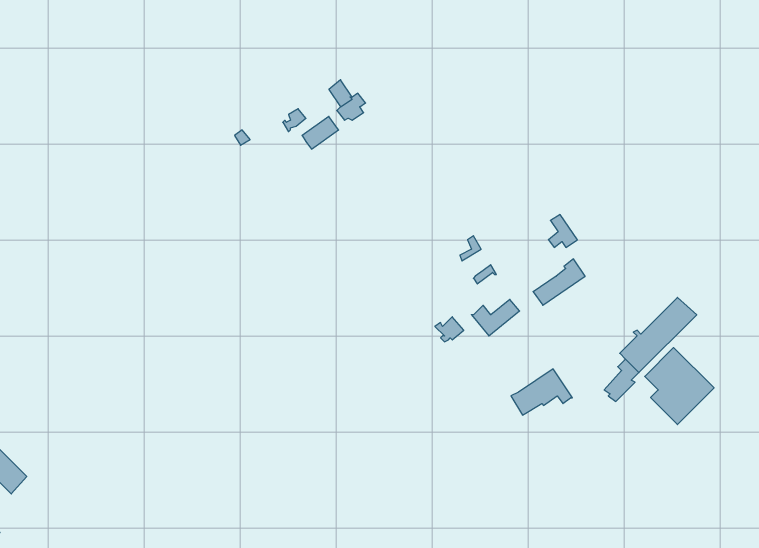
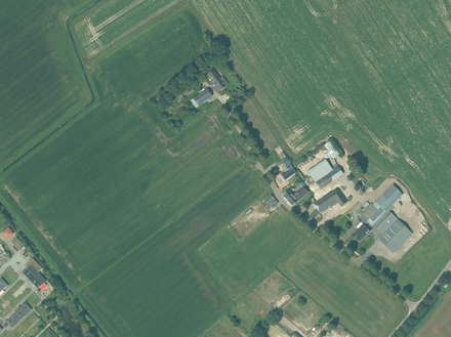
building: [511,369,572,415] -> [313,187,345,212]

